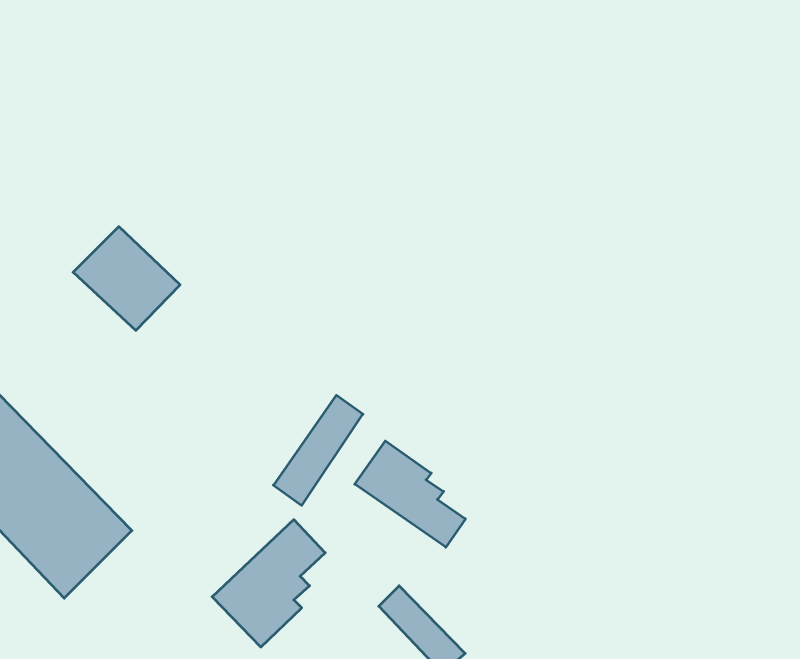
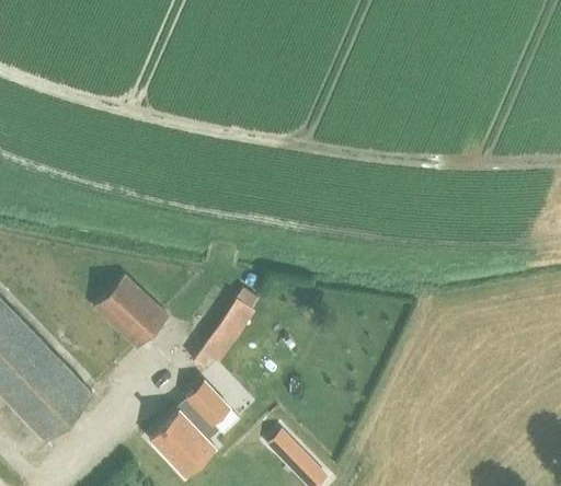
building: [73,227,180,330] -> [92,276,167,348]
building: [355,441,465,547] -> none

